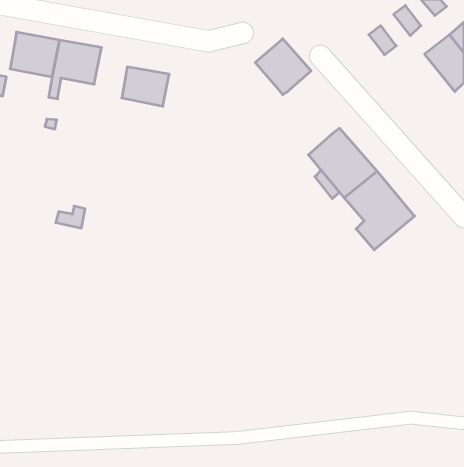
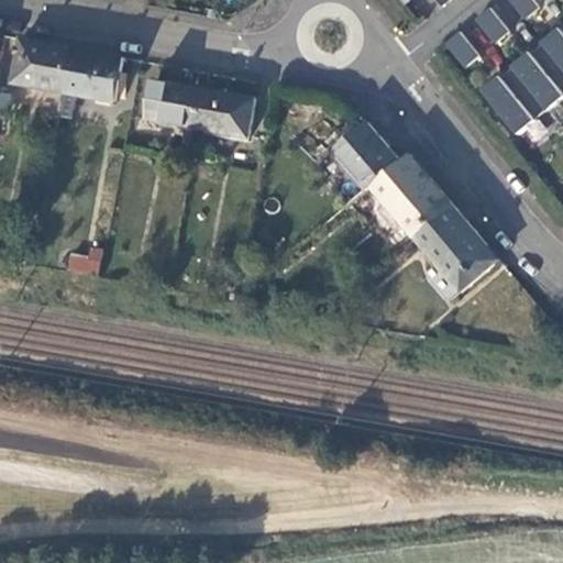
building: [255,39,311,95] -> [332,122,399,189]
building: none -> [481,65,545,134]
building: none -> [196,89,255,137]

